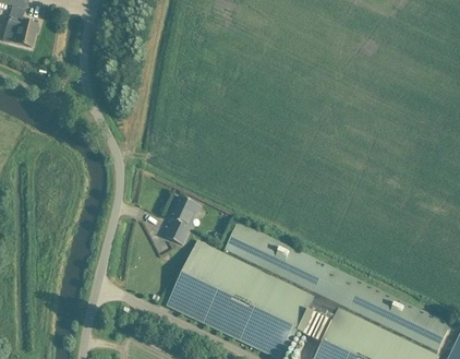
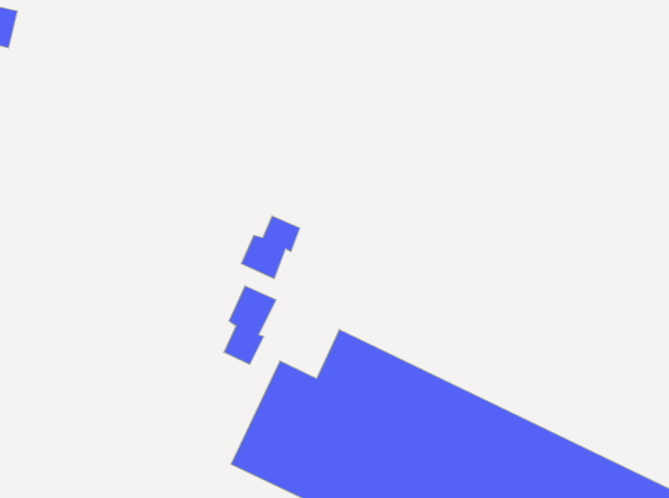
building: none -> [241,216,300,279]

